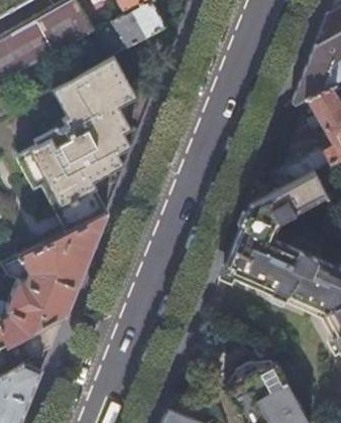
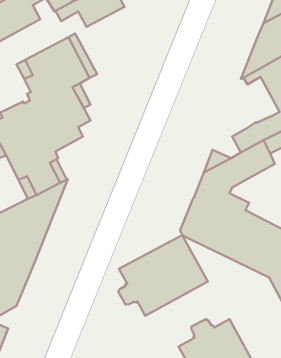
building: none -> [118,235,208,316]

